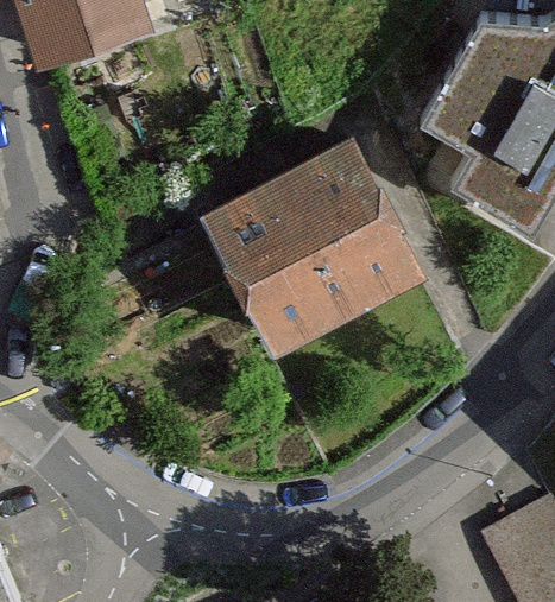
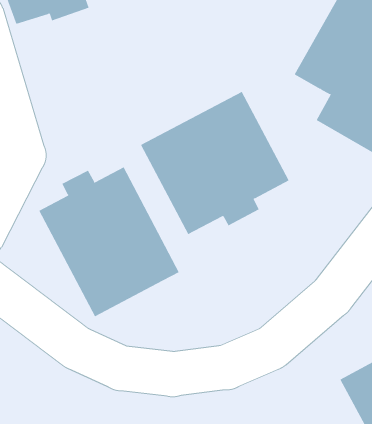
building: none -> [38,167,180,317]

